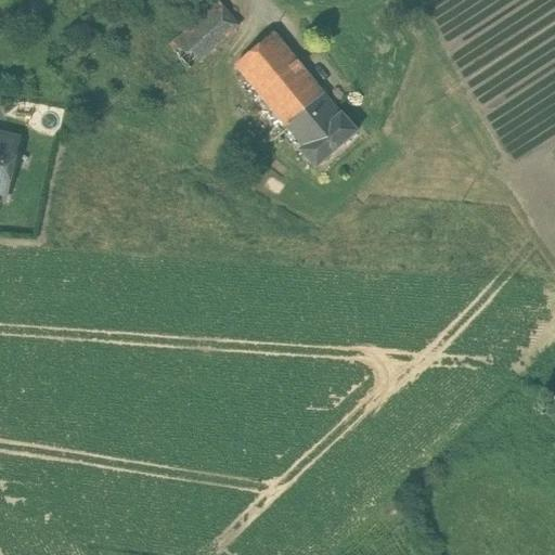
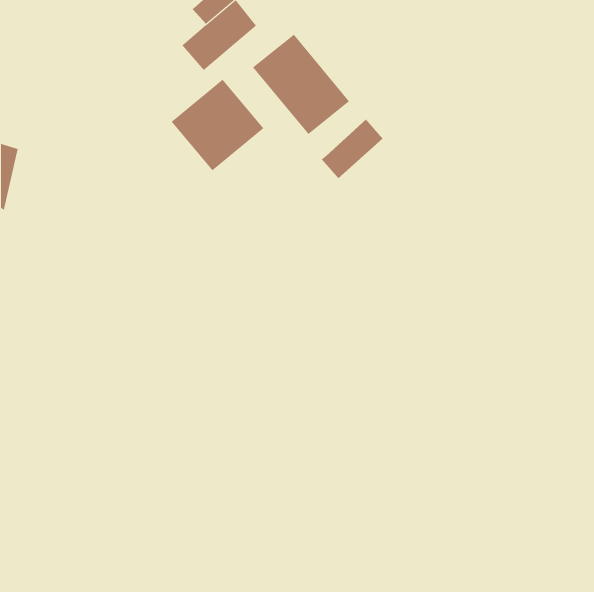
building: none -> [171,79,264,171]
building: [287,94,340,145] -> none

